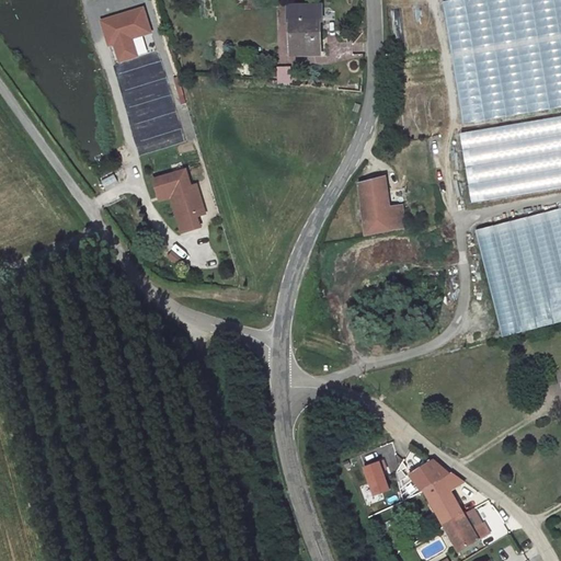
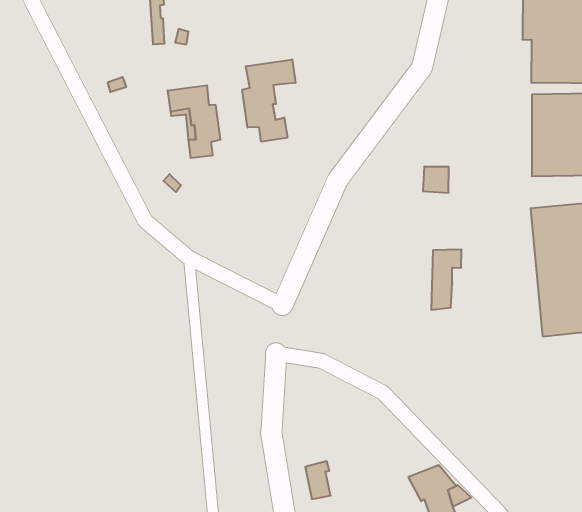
building: none -> [242,59,295,142]
building: [359,179,386,233] -> [431,250,462,310]
building: [365,460,390,494] -> [305,461,331,499]

